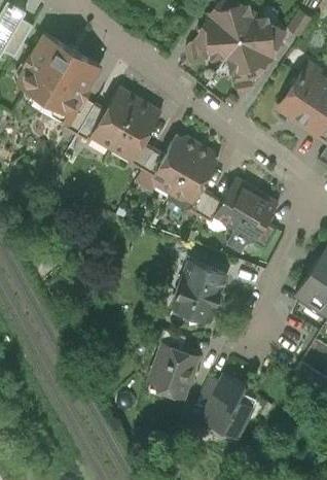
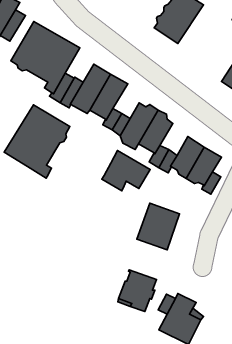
building: [224,14,286,82] -> none
building: none -> [4,105,70,178]
building: none -> [102,151,150,191]

